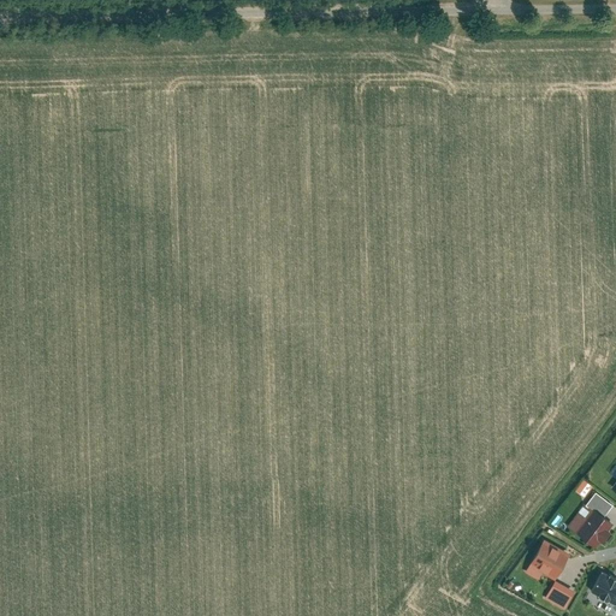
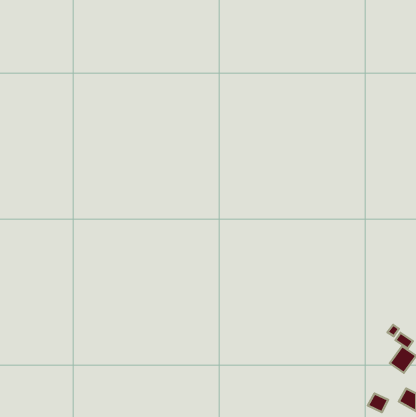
building: [531,541,569,579] -> none

